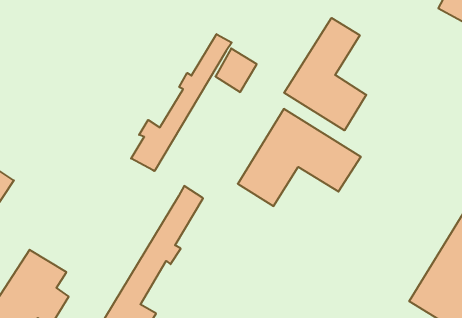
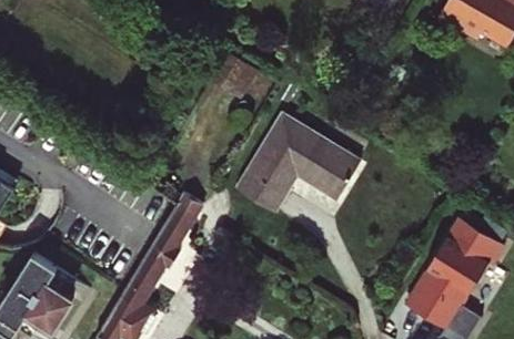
building: [284,18,366,130] -> none
building: [131,34,232,171] -> none

